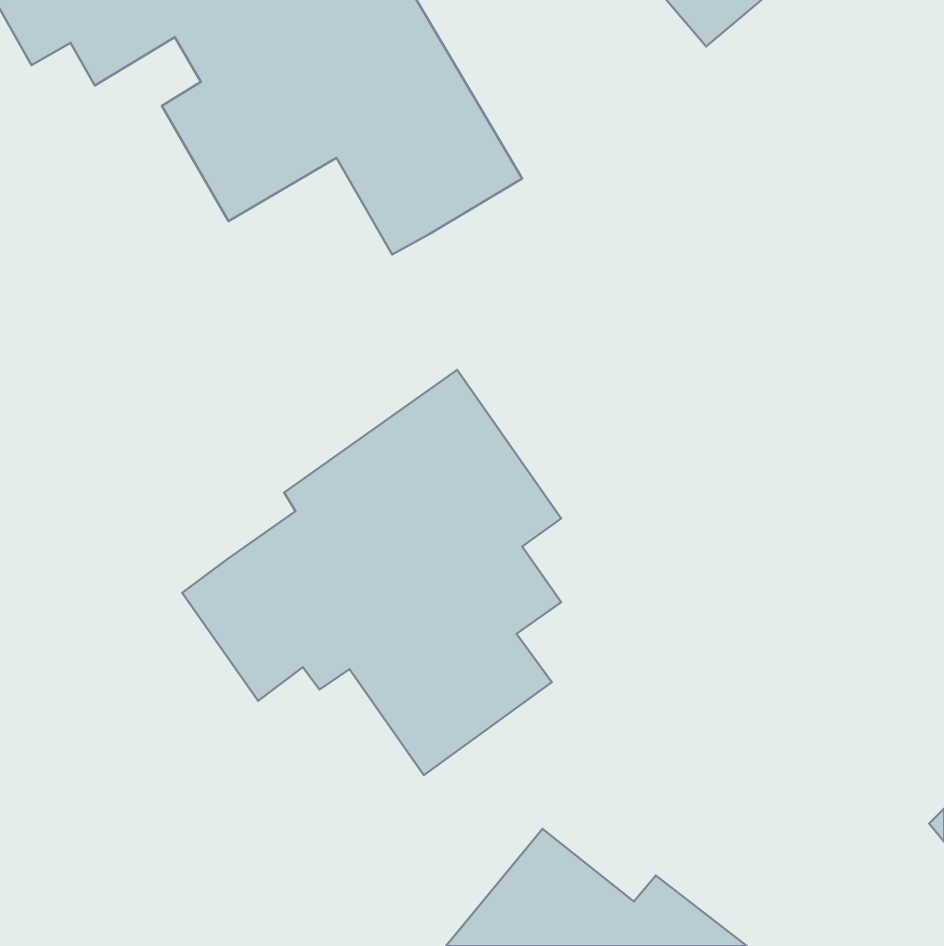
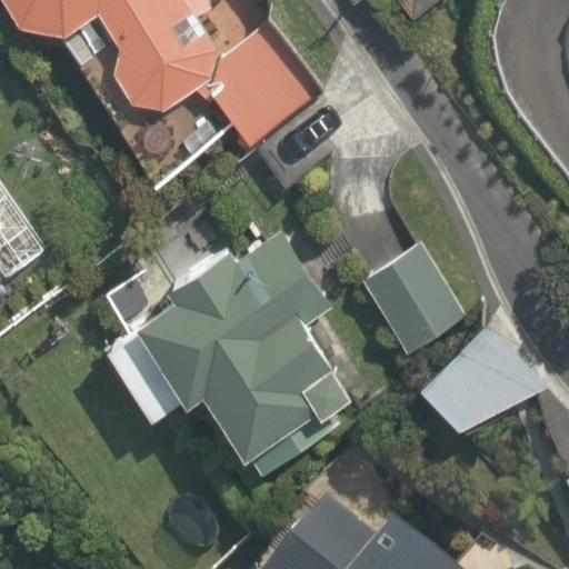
building: none -> [355,237,467,355]
building: none -> [413,328,535,445]

